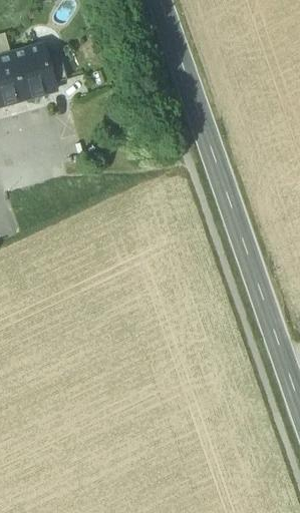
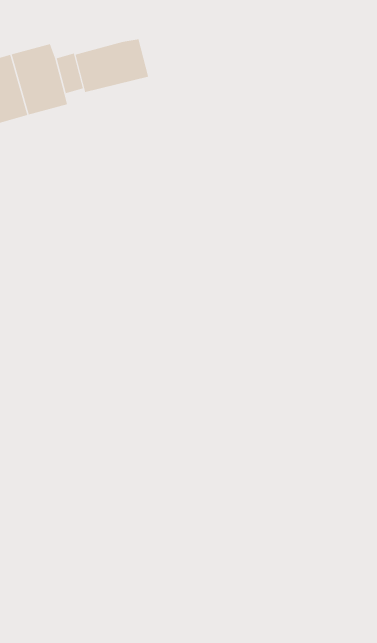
building: none -> [75,39,149,93]

